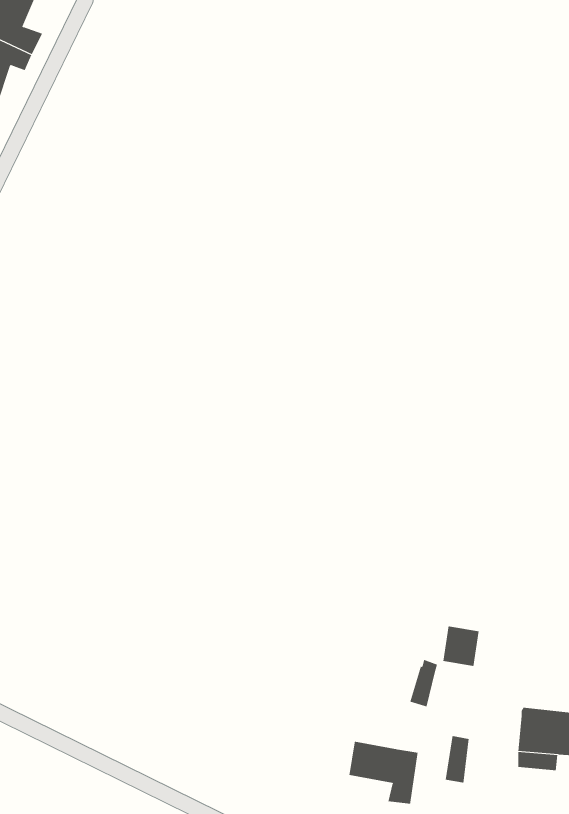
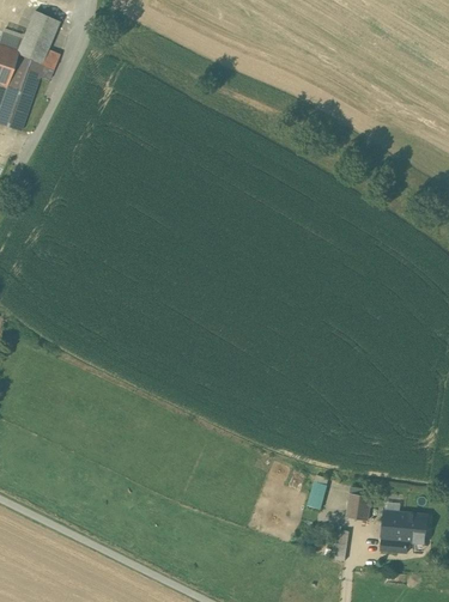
building: [442,626,480,667] -> [346,492,371,519]
building: [349,741,418,805] -> none

